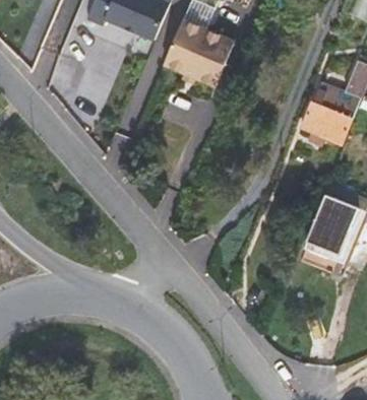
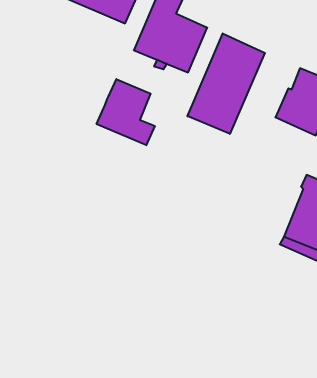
building: none -> [187,33,265,134]
building: none -> [97,79,155,145]

